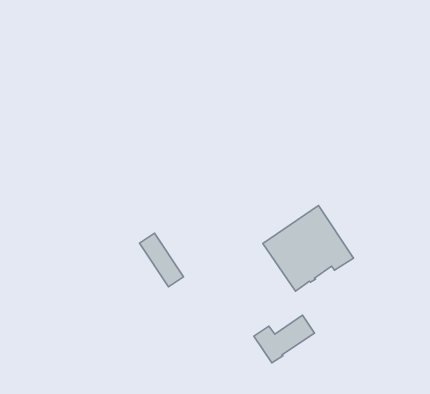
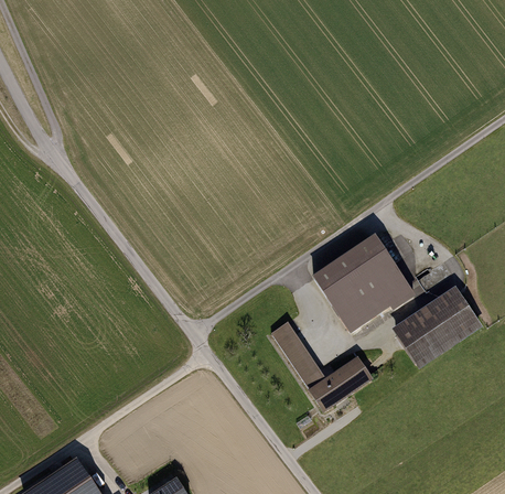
building: [140,233,183,287] -> [271,320,320,379]
building: none -> [393,286,479,363]

